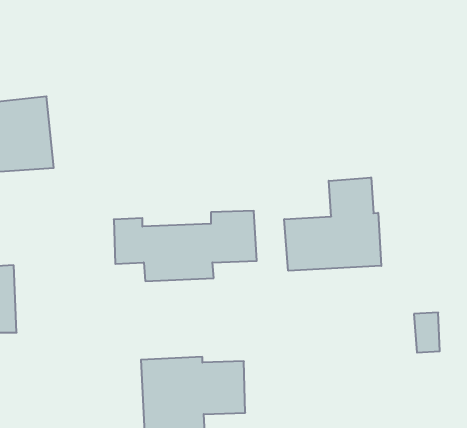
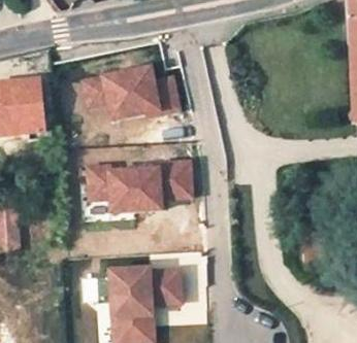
building: none -> [84,68,180,121]
building: [284,177,381,271] -> none

